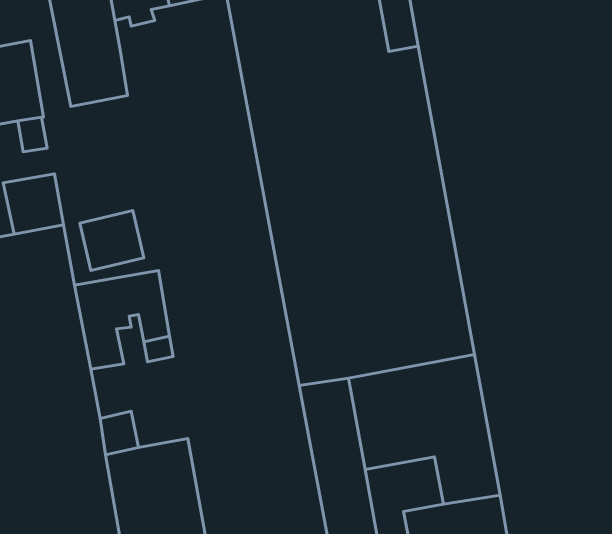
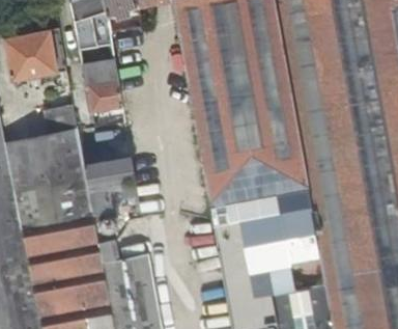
building: none -> [81,59,121,111]
building: none -> [238,207,319,272]

